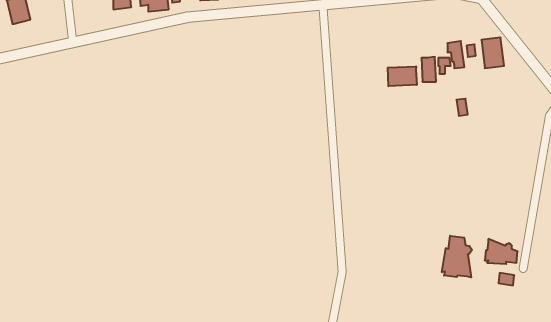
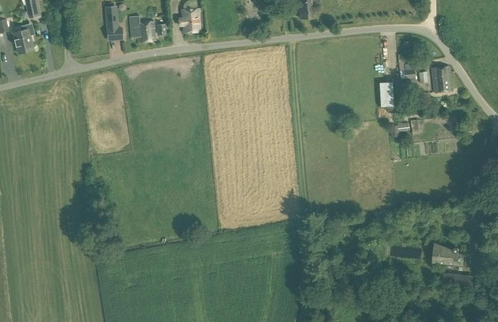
building: [388,66,417,86] -> none
building: [442,236,472,277] -> none

